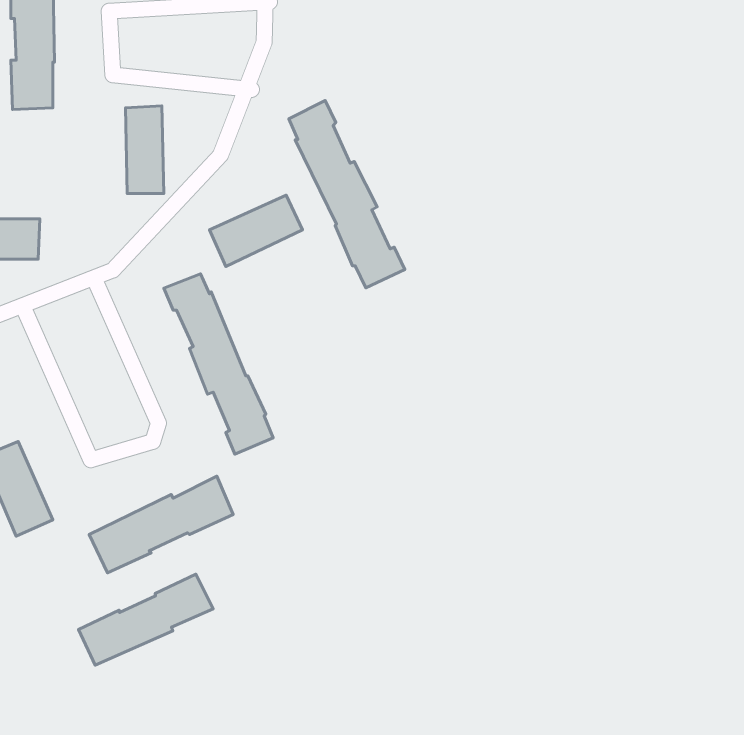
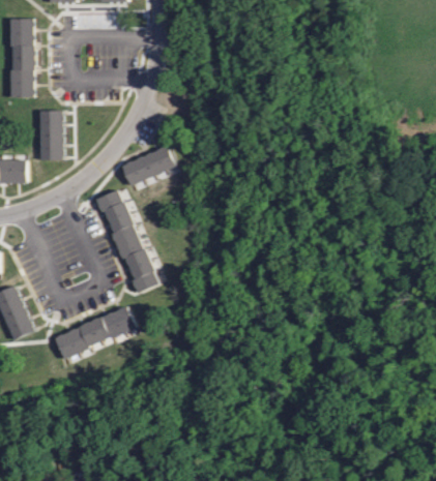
building: [289,100,405,288] -> none
building: [125,106,164,193] -> [40,110,62,159]
building: [79,574,213,665] -> none

